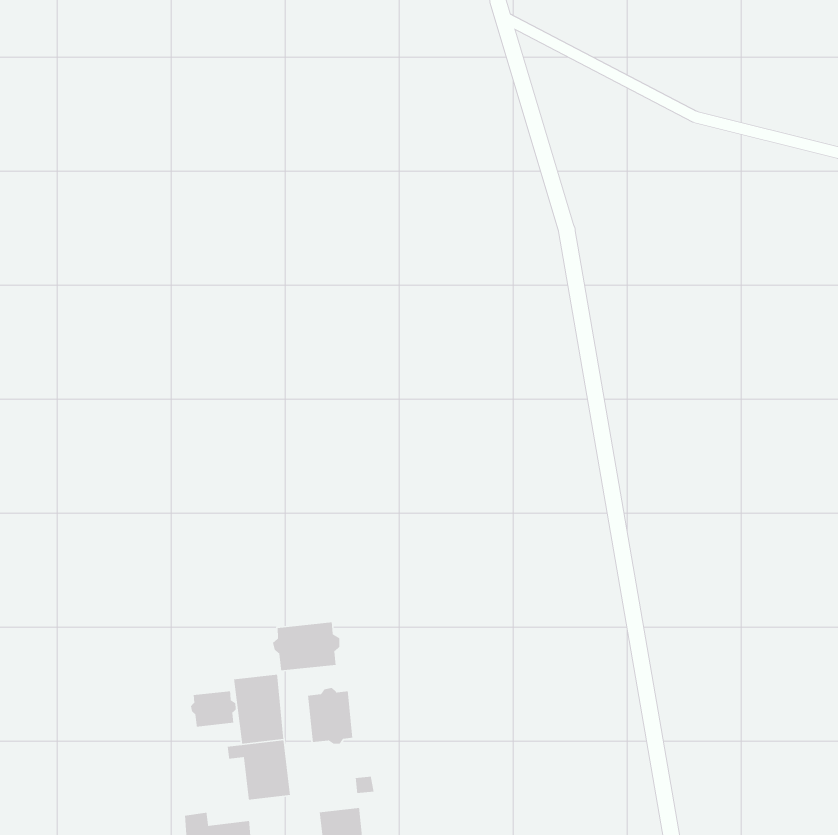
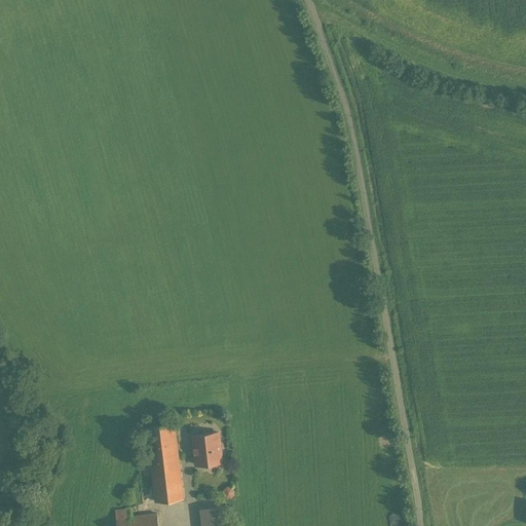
building: [272,622,340,671] -> none
building: [190,690,236,728] -> none

